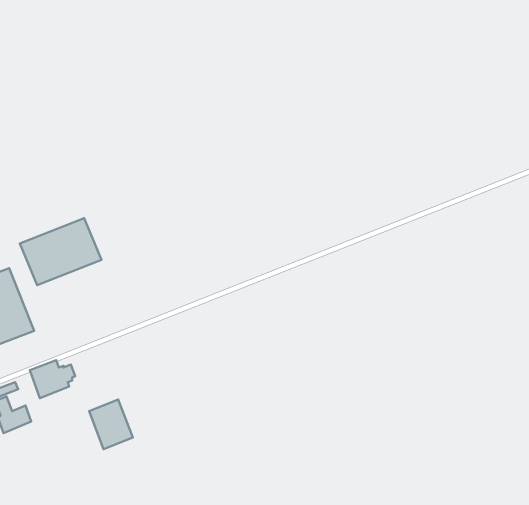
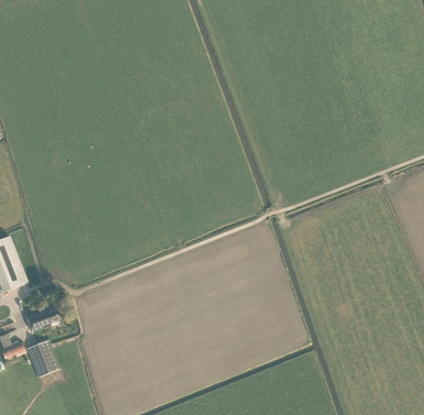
building: [20,218,101,285] -> none
building: [89,399,133,449] -> [25,338,58,375]

